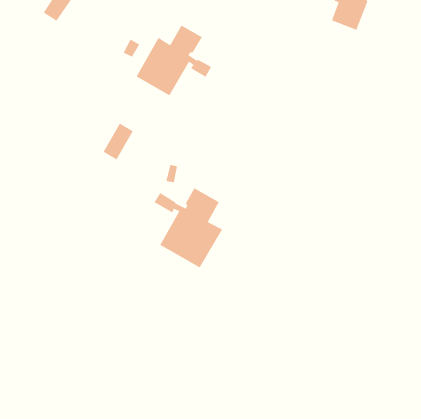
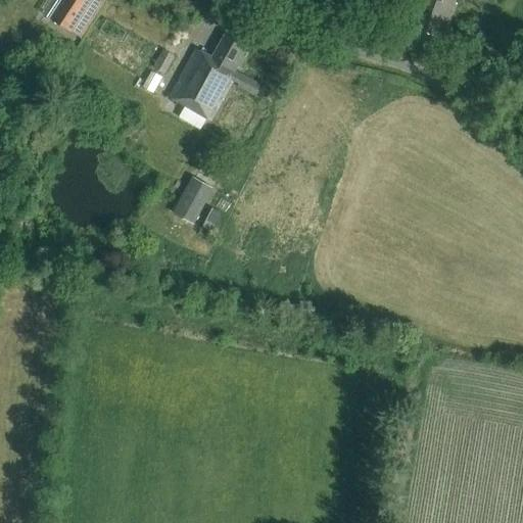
building: [103,123,133,160] -> [172,177,209,223]
building: [154,187,223,268] -> none

